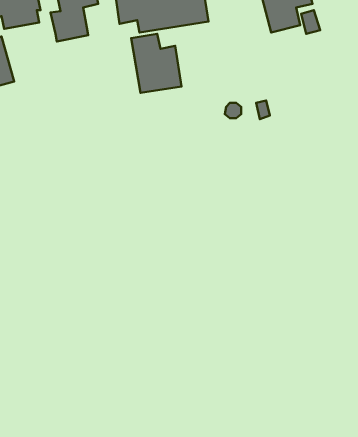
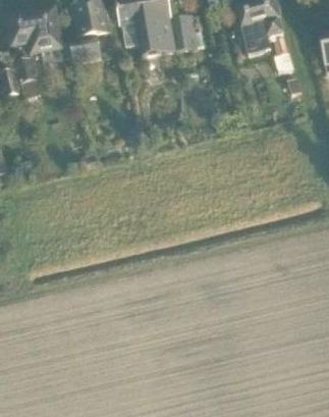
building: [131,34,182,93] -> none

